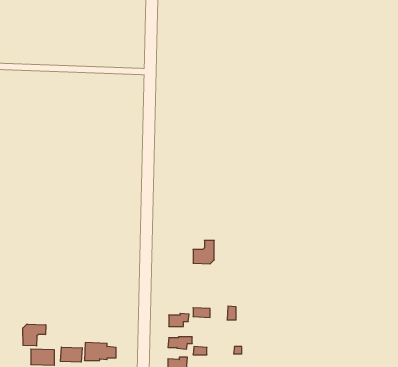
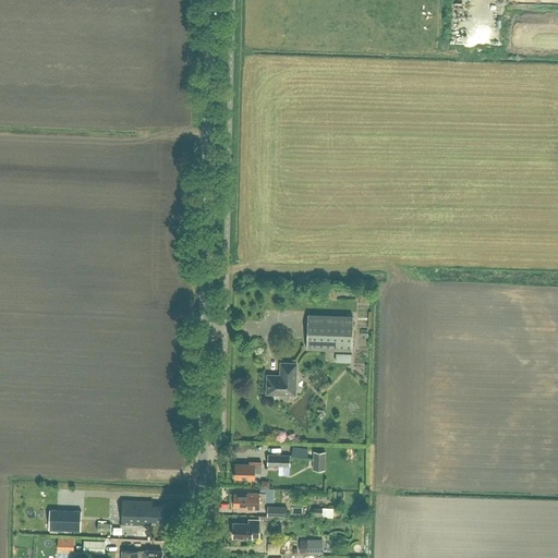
building: none -> [305,314,352,350]
building: [23,324,46,346] -> none
building: [60,347,82,362] -> none

